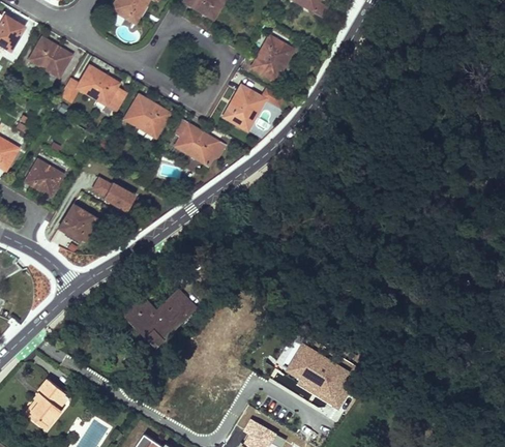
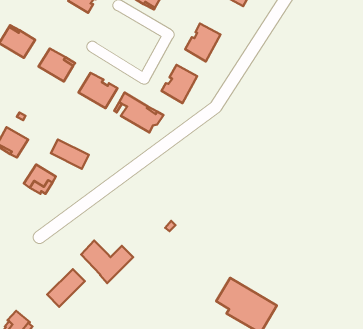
building: [157,289,197,315] -> none
building: none -> [47,269,85,307]

